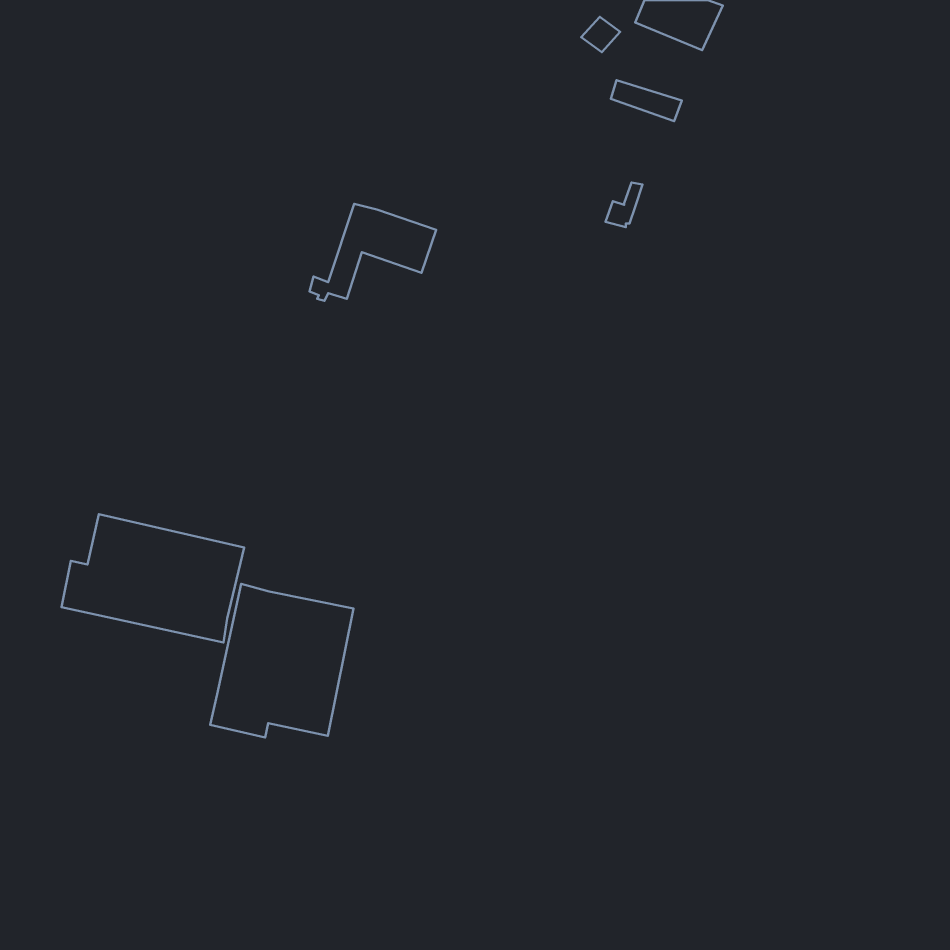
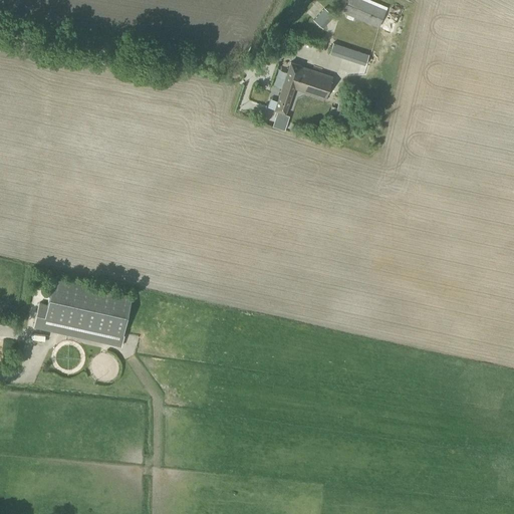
building: [310,204,436,301] -> [266,63,334,115]
building: [210,584,353,738] -> none

